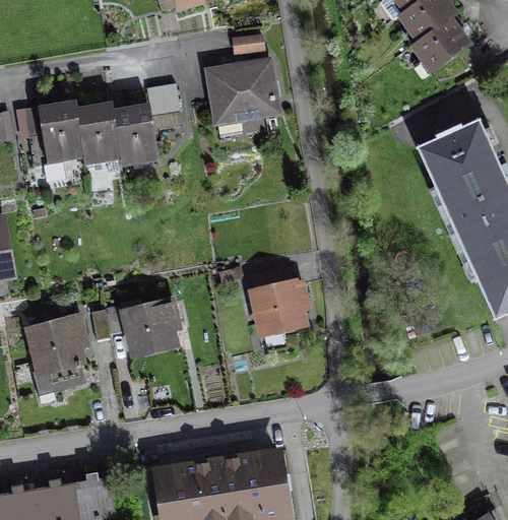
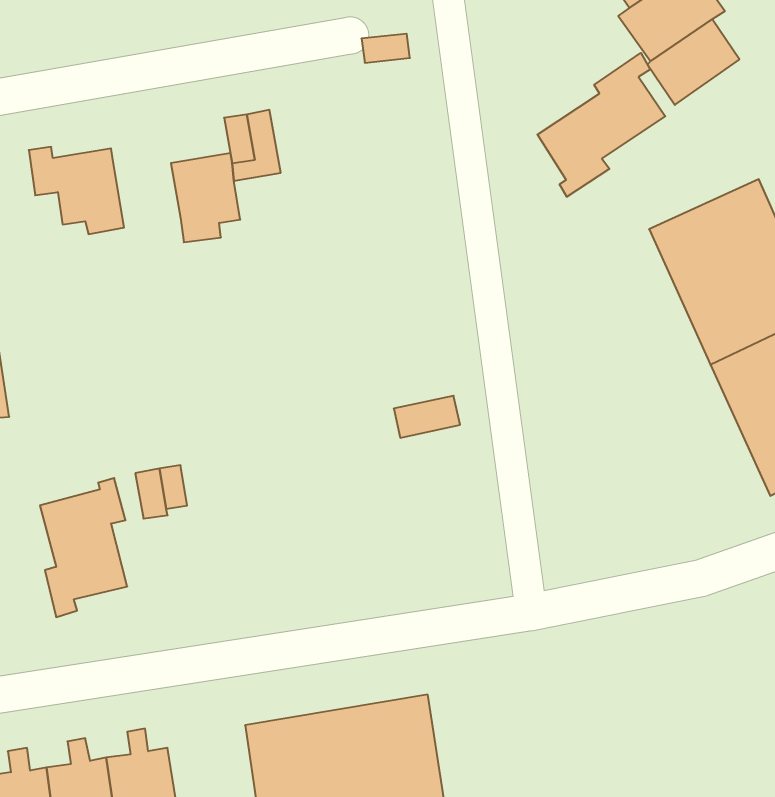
building: none -> [537,53,665,197]
building: [211,61,277,121] -> none
building: [77,104,120,165] -> none
building: [254,281,308,332] -> none
building: [126,302,179,351] -> none

